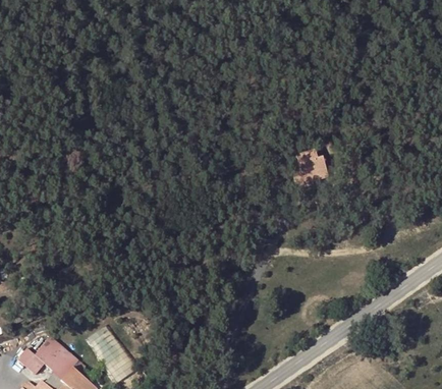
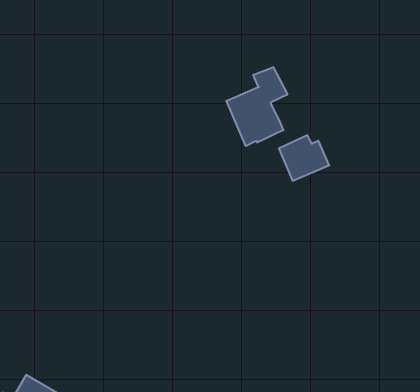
building: none -> [226,67,287,146]

